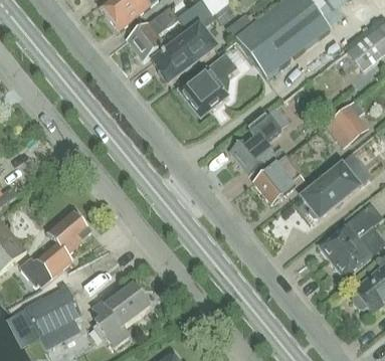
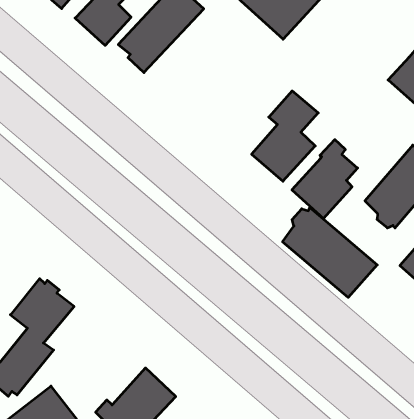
building: [179,52,235,116] -> none
building: none -> [283,208,377,297]

